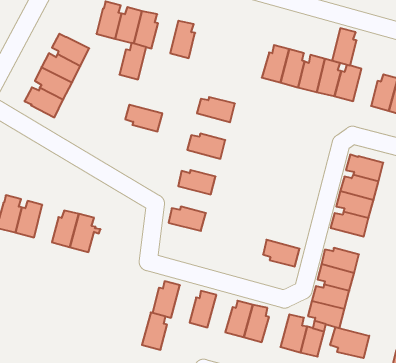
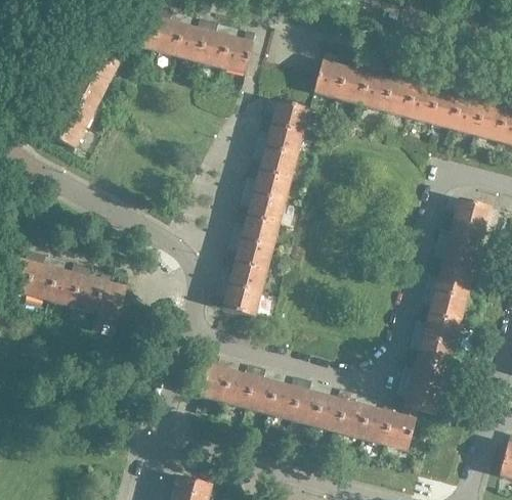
building: [332,28,357,66] -> [456,89,486,136]
building: none -> [316,52,349,100]
building: [119,43,146,79] -> [201,24,234,70]
building: none -> [265,99,312,133]
building: [125,105,162,131] -> [253,145,300,179]
building: none -> [242,191,288,225]
building: none -> [229,237,275,271]
building: none -> [52,261,83,308]
building: none -> [217,283,263,318]
building: [263,240,300,267] -> [423,289,469,323]
building: none -> [271,374,303,421]
building: none -> [340,394,375,440]
building: [142,312,167,350] -> [225,362,257,409]
building: [330,327,369,358] -> none

